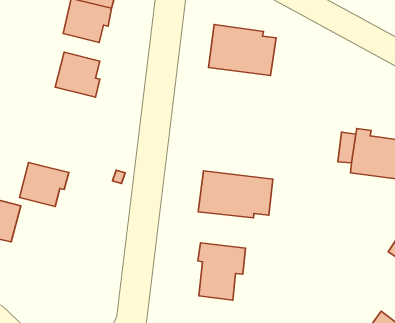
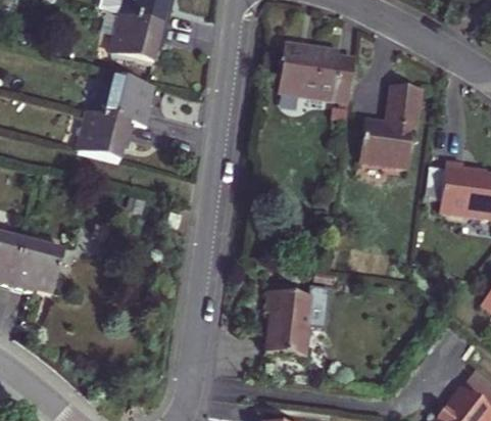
building: none -> [359,85,422,167]
building: [19,162,69,207] -> [81,111,137,161]
building: [198,171,273,218] -> none

